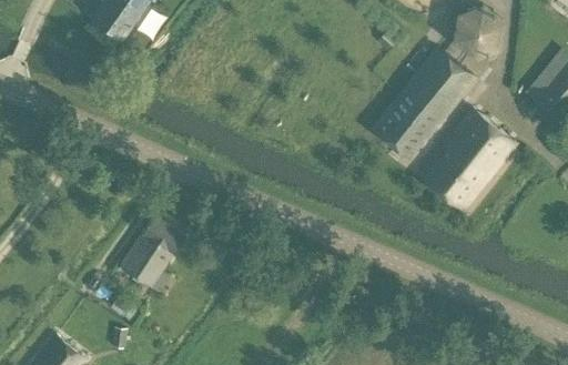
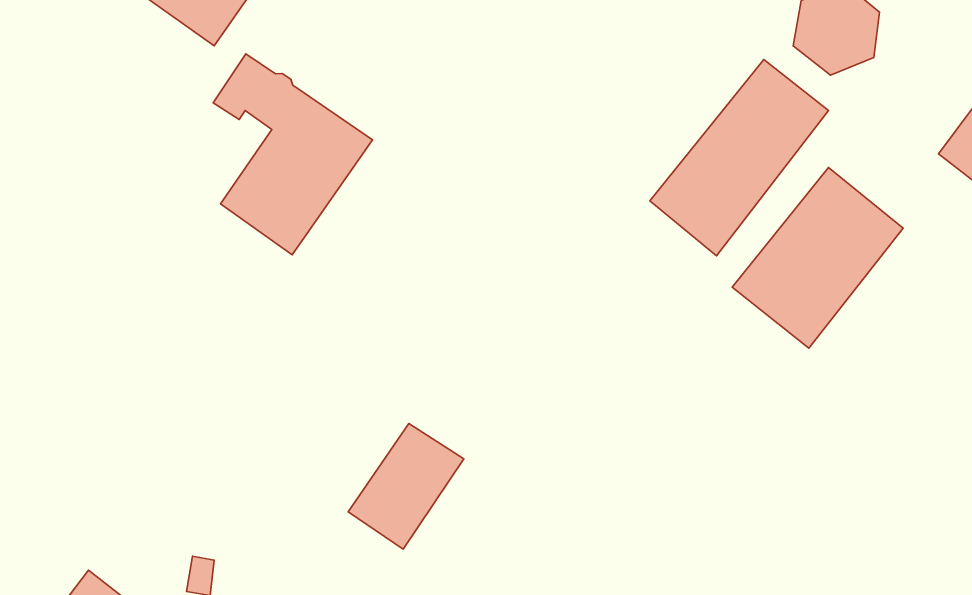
building: none -> [213,54,373,255]
building: [120,217,185,288] -> [348,424,464,549]

